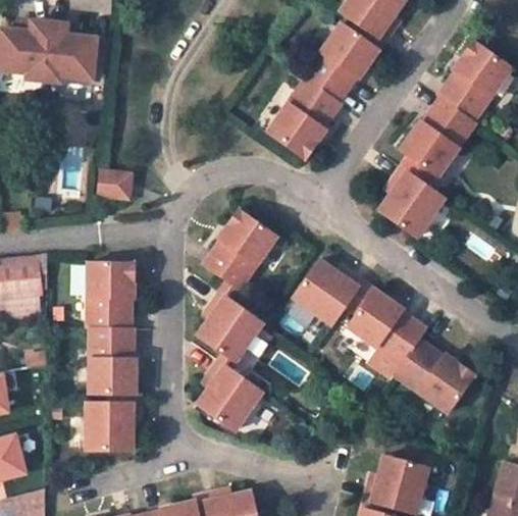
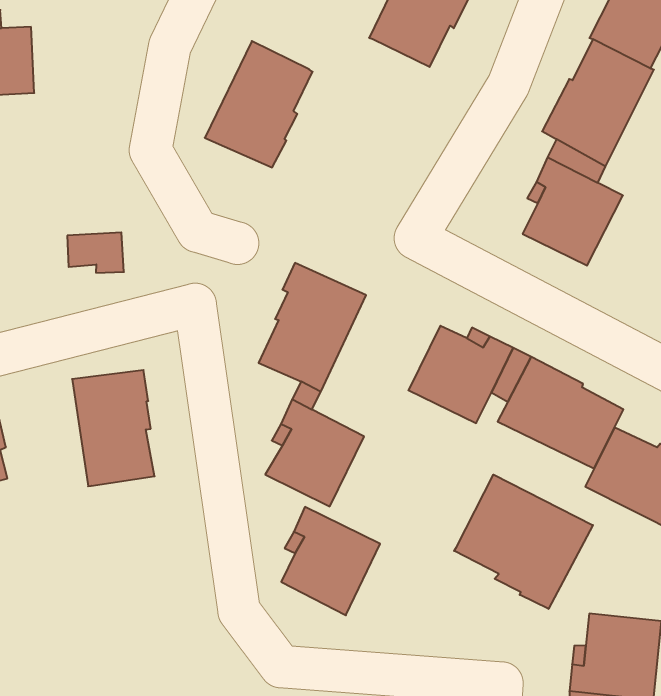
building: [266,79,339,158] -> [205,41,313,167]
building: [90,327,135,394] -> none
building: none -> [454,475,593,609]
building: [88,400,140,450] -> none

